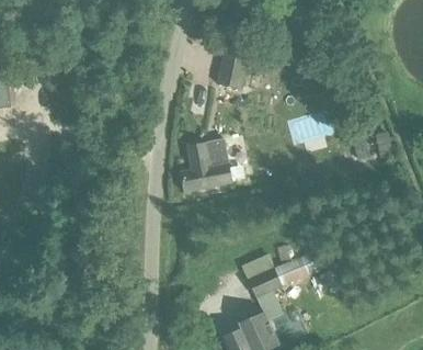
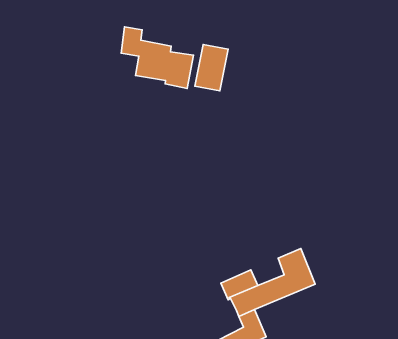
building: none -> [121,27,193,88]
building: [179,138,232,192] -> none

